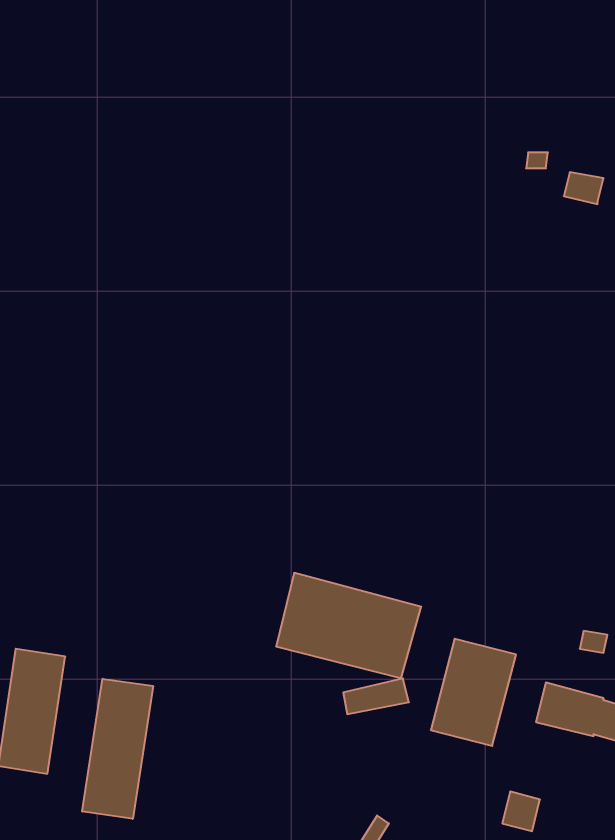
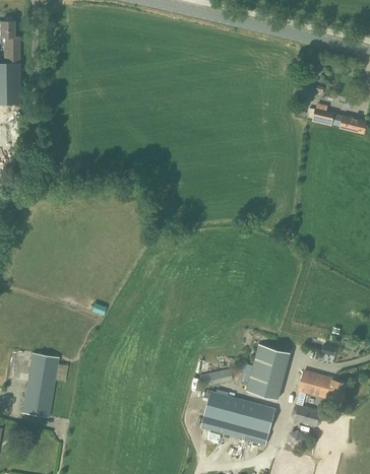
building: [276,573,421,678] -> [201,391,275,445]
building: [82,679,153,819] -> none
building: none -> [291,404,323,425]

